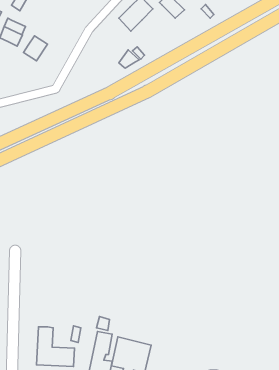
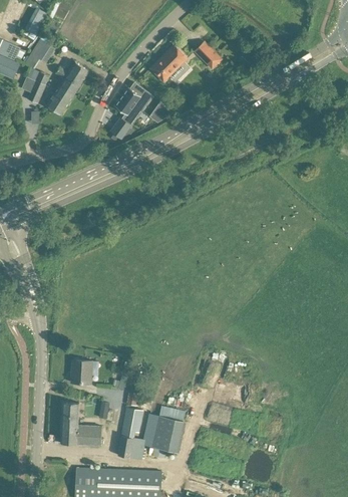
building: none -> [56,60,89,95]
building: none -> [110,82,152,139]
building: none -> [72,359,92,383]

